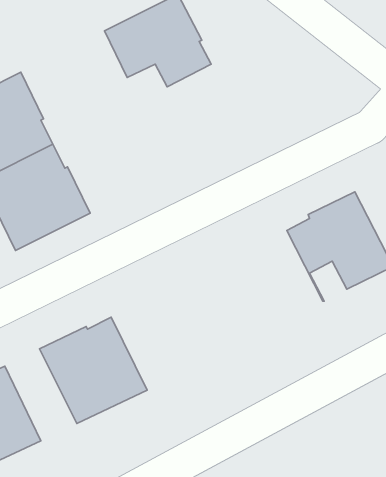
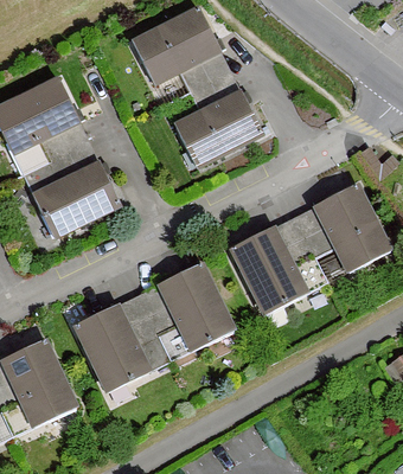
building: none -> [174,70,262,165]
building: none -> [231,218,327,313]
building: none -> [139,262,234,360]

